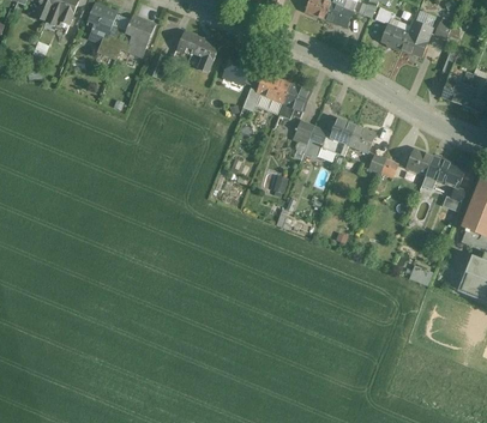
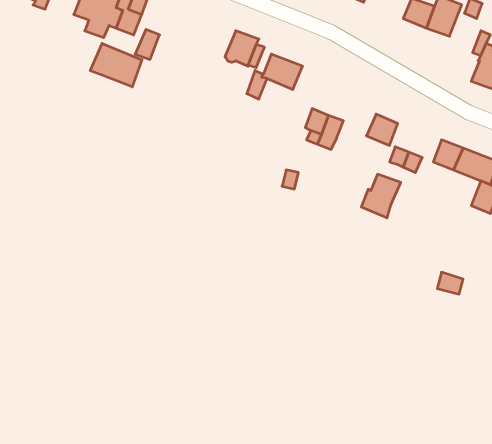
building: [178,32,218,61] -> none
building: none -> [90,43,142,87]
building: [278,84,311,120] -> none
building: [321,119,356,157] -> [361,174,401,218]

